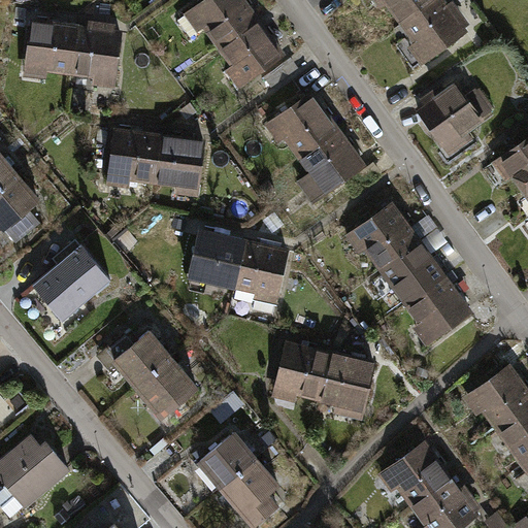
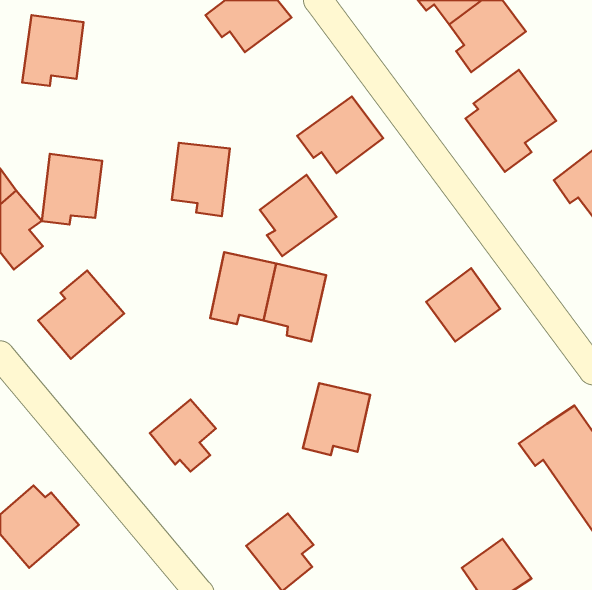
building: [219,19,287,91] -> none
building: [69,23,121,88] -> none
building: [106,124,160,187] -> [42,154,102,225]
building: [300,126,368,198] -> [260,175,337,256]
building: [348,205,420,271] -> none
building: [405,277,471,345] -> none
building: [110,330,170,388] -> none
building: [319,354,374,423] -> none
building: [196,430,257,488] -> none
building: [385,446,448,507] -> none

